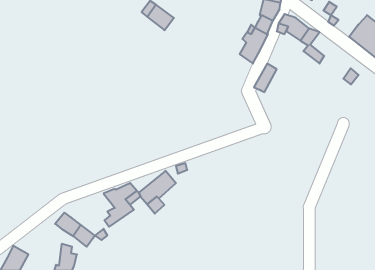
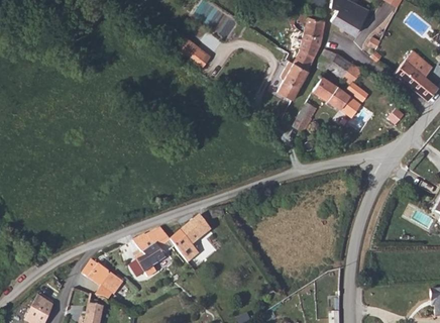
building: none -> [314,77,368,118]

